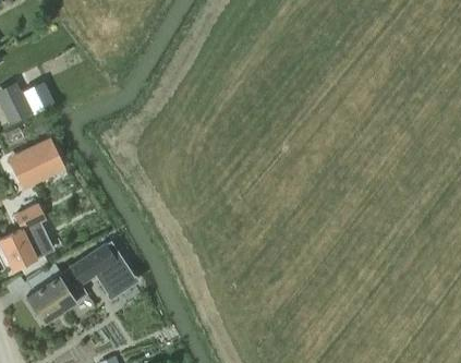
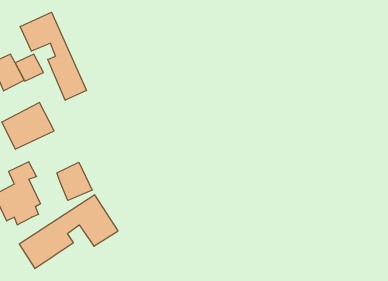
building: none -> [20,12,86,100]
building: none -> [57,162,92,200]

